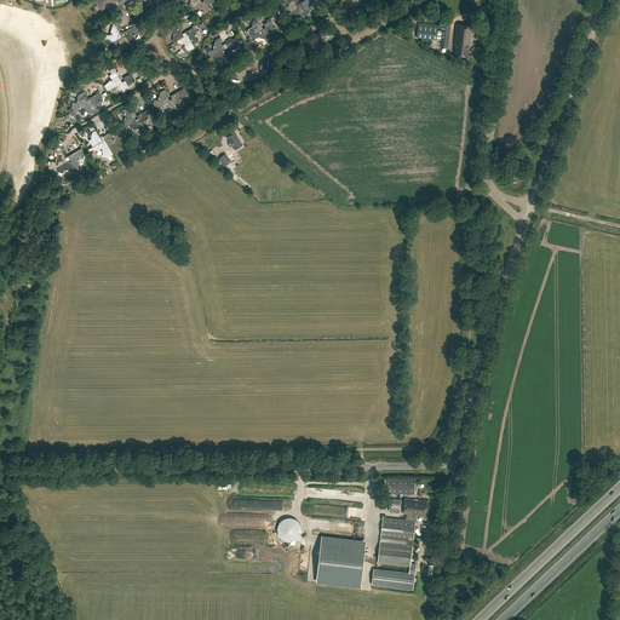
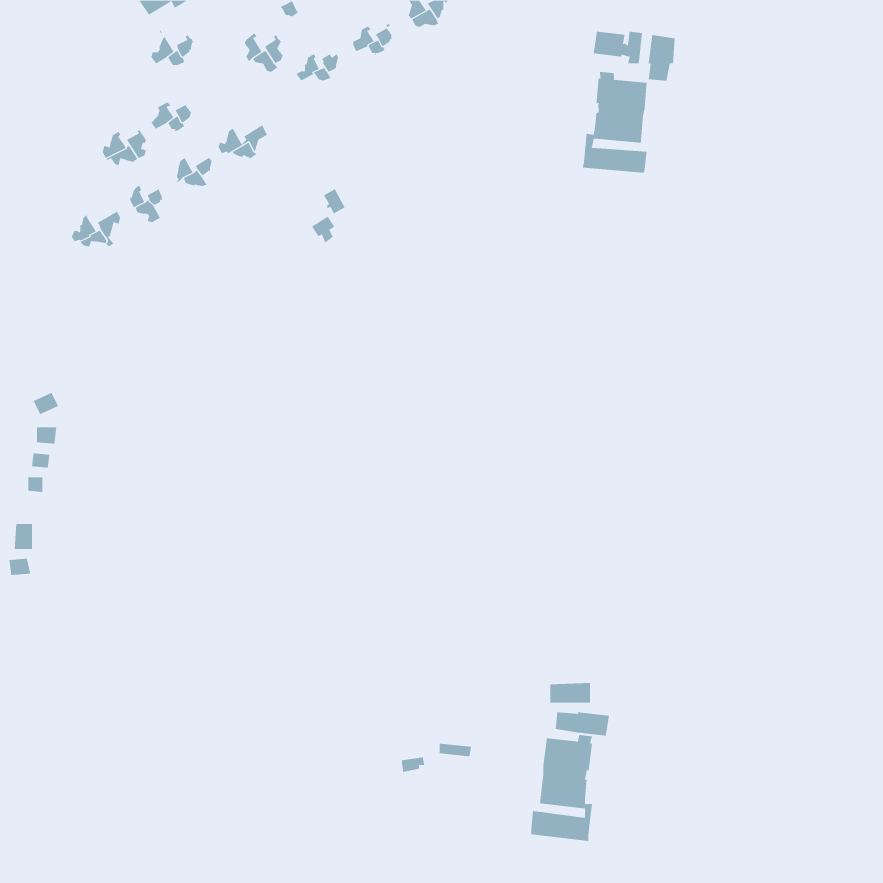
building: none -> [582,71,647,173]
building: [316,536,366,587] -> none

